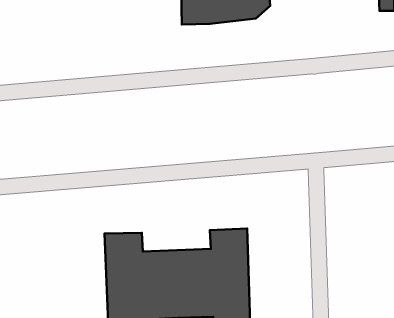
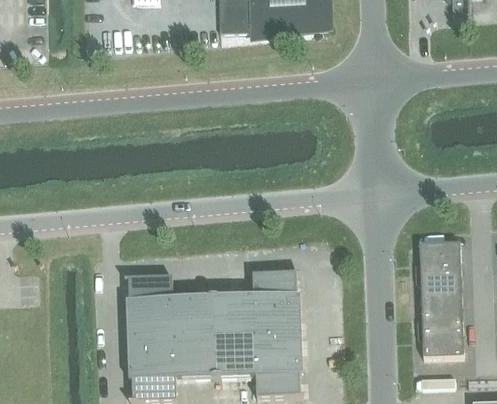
building: none -> [416,241,465,356]

